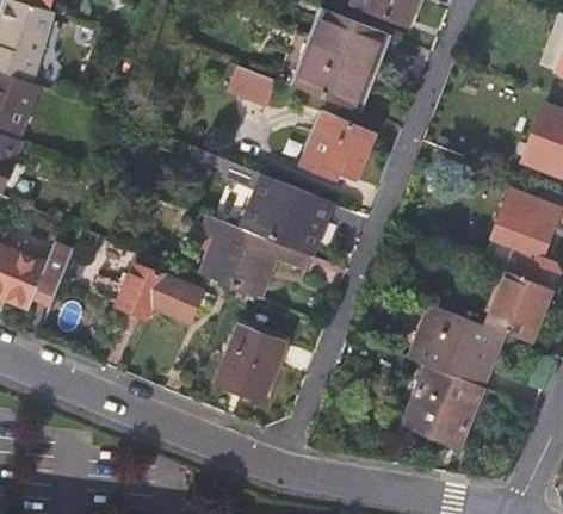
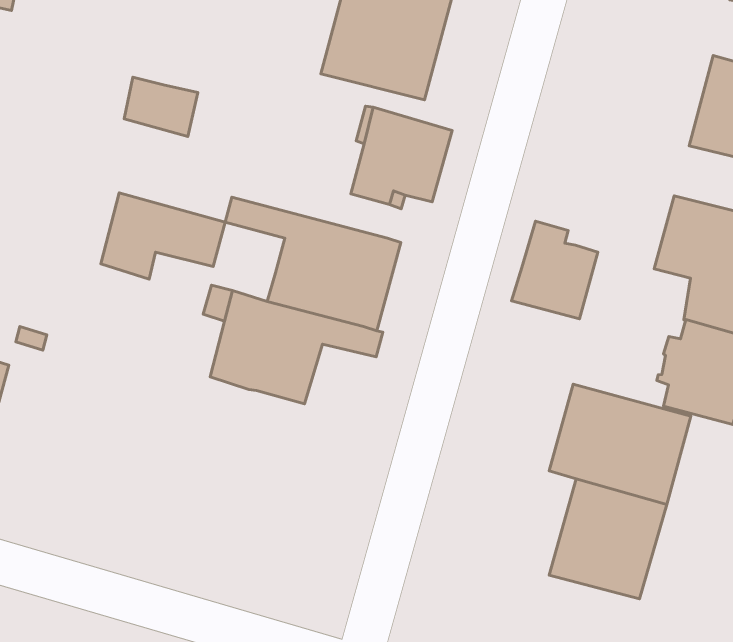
building: [227,66,276,107] -> [124,77,198,136]
building: none -> [512,221,598,319]
building: [118,266,200,323] -> [101,193,225,279]
building: [217,324,283,398] -> none

